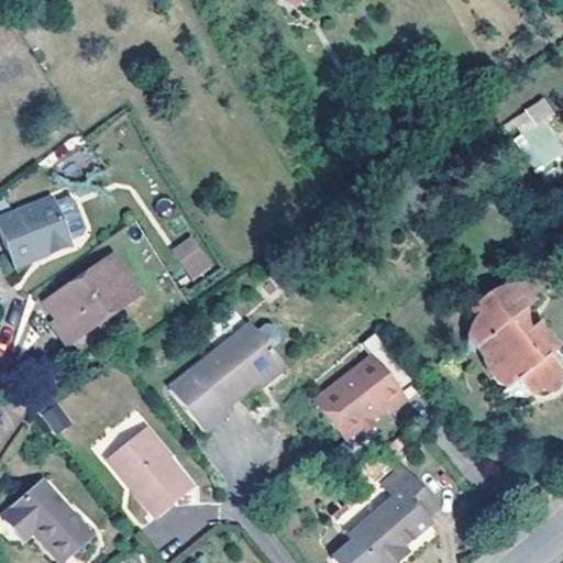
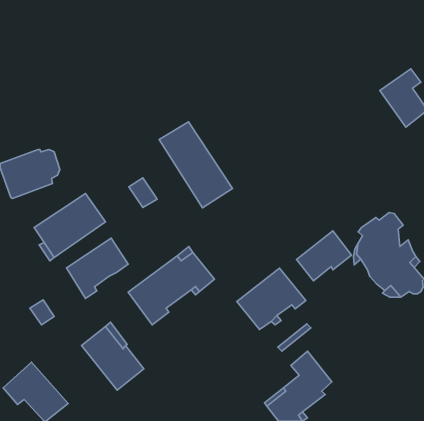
building: none -> [159,122,232,208]
building: none -> [296,231,351,281]
building: none -> [66,238,128,298]

